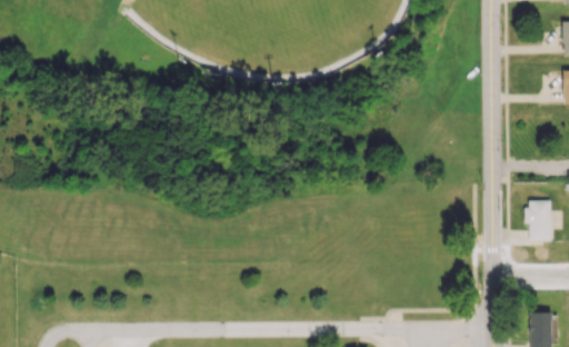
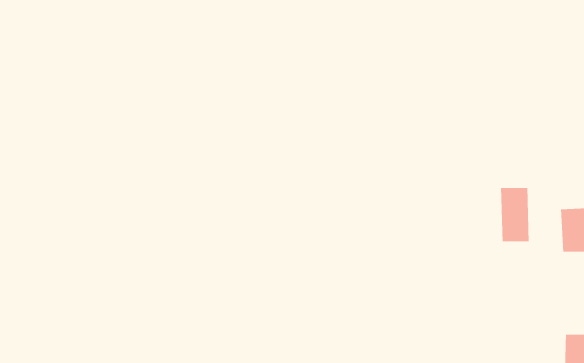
building: none -> [500,187,530,242]

